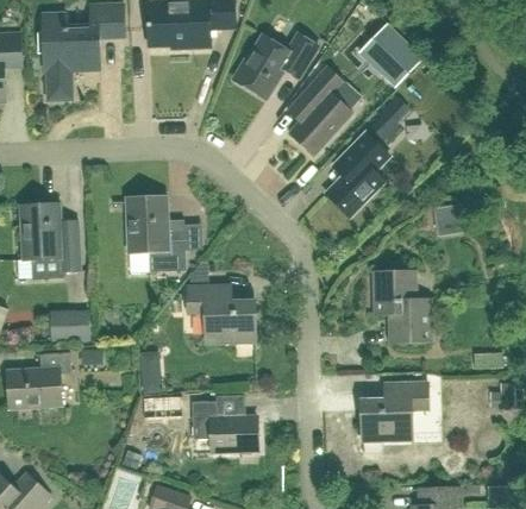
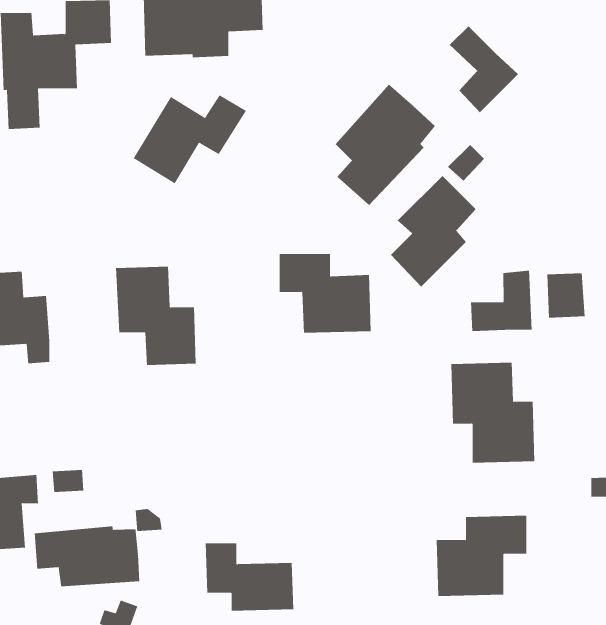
building: [234,33,318,99] -> [133,95,247,184]
building: none -> [470,270,532,332]
building: [187,284,255,343] -> [279,253,371,333]
building: [50,309,90,341] -> none
building: none -> [34,525,140,587]

